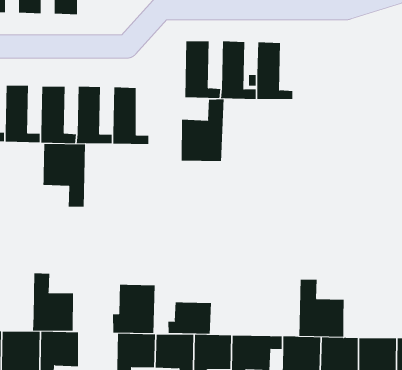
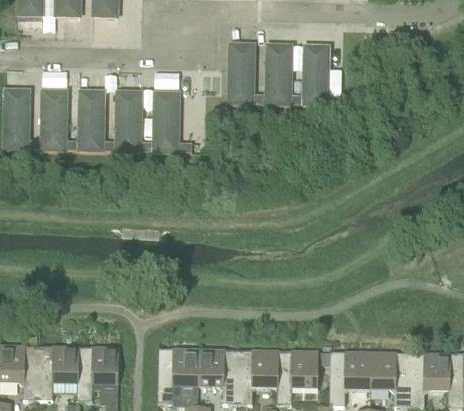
building: [181,99,224,162] -> none
building: [42,143,85,208] -> none
building: [33,272,73,332] -> none
building: [299,279,344,338] -> none
building: [113,284,155,334] -> none
building: [168,302,211,334] -> none

